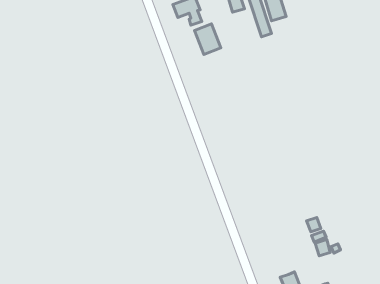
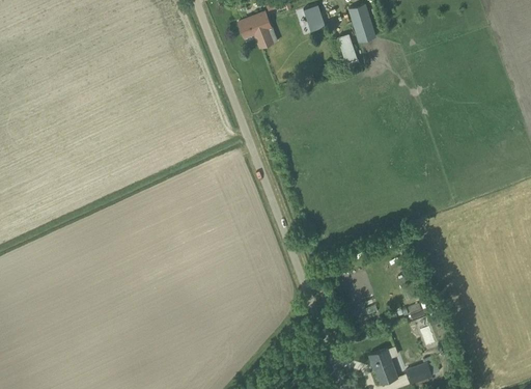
building: [195,24,221,55] -> none

